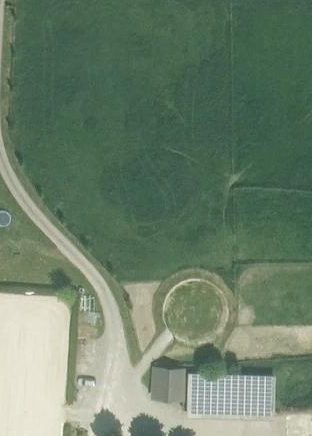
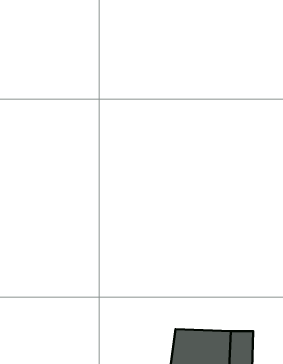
building: [155,374,183,400] -> none

